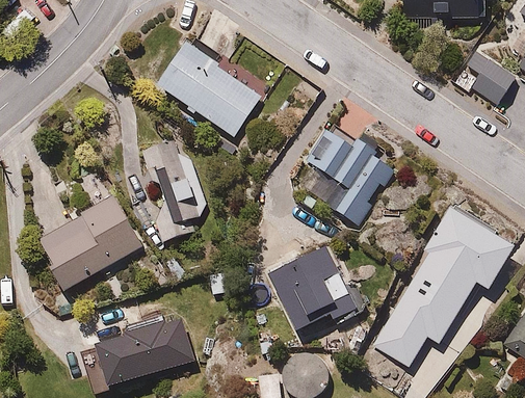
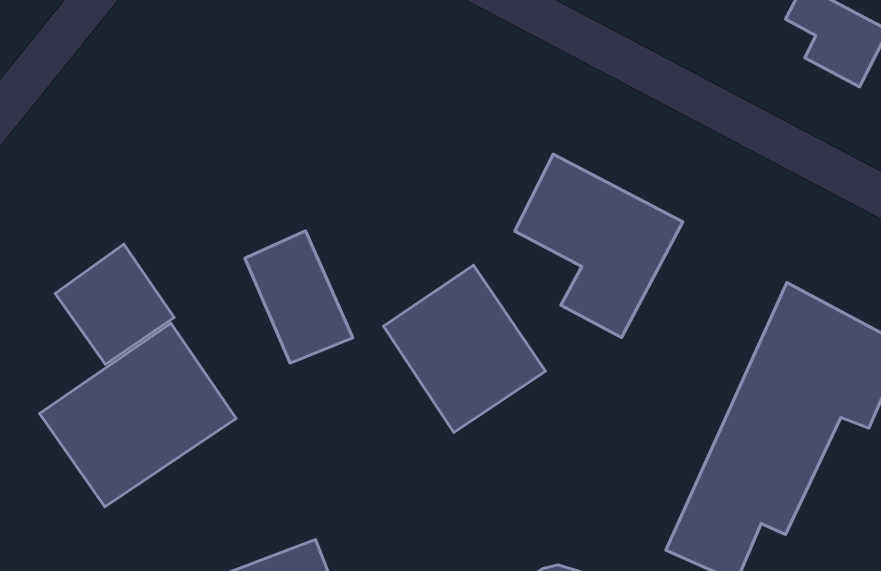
building: [156,35,263,137] -> none
building: none -> [55,244,174,364]
building: [270,250,356,340] -> [384,265,546,432]

